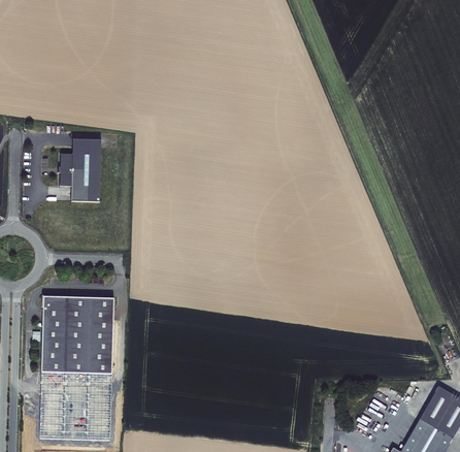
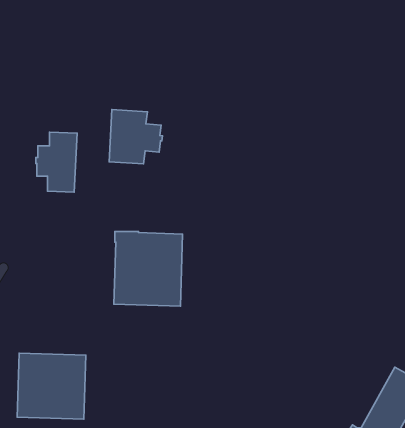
building: none -> [109,110,162,164]
building: [42,295,114,374] -> [114,231,183,306]

